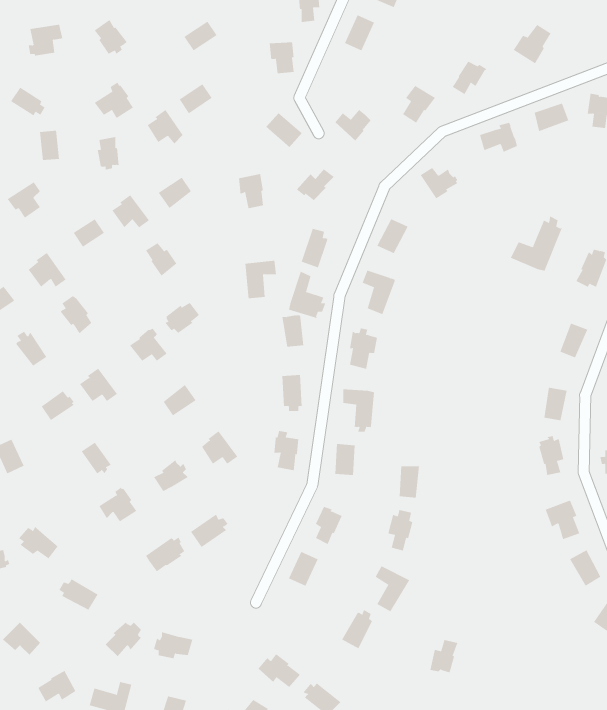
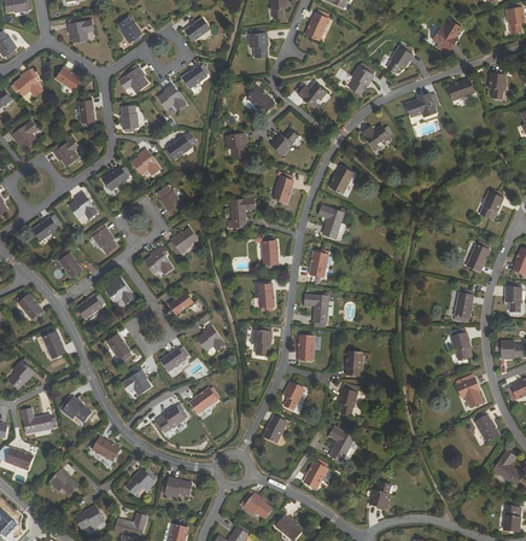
building: [510,216,563,271] -> none
building: [289,271,326,319] -> none

